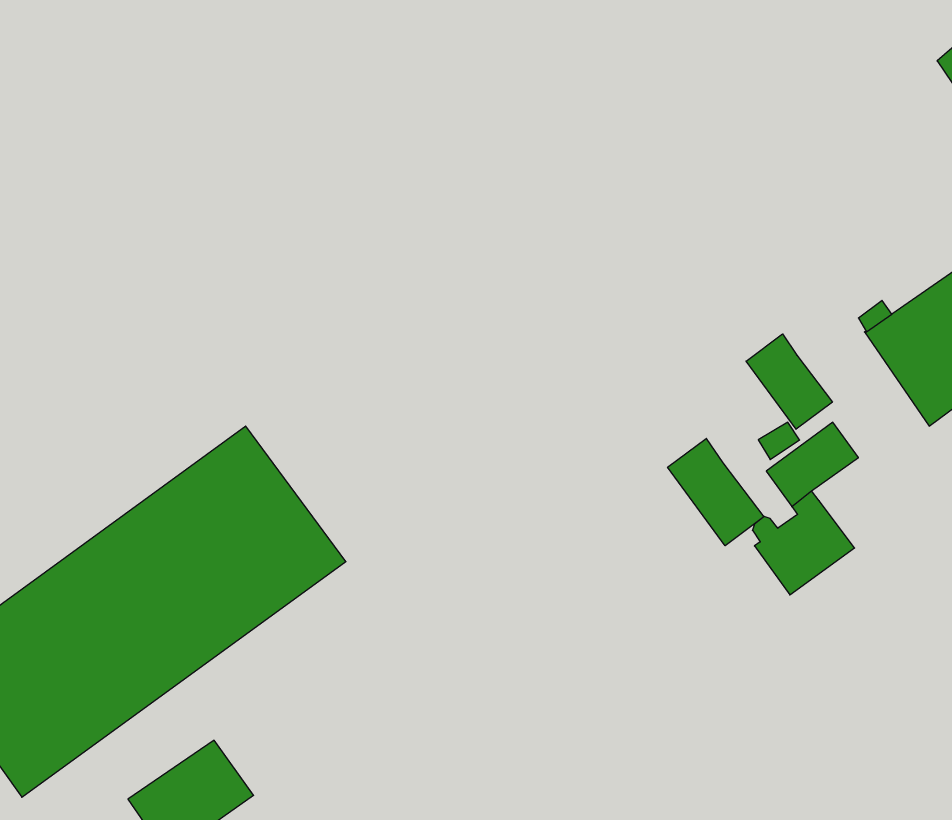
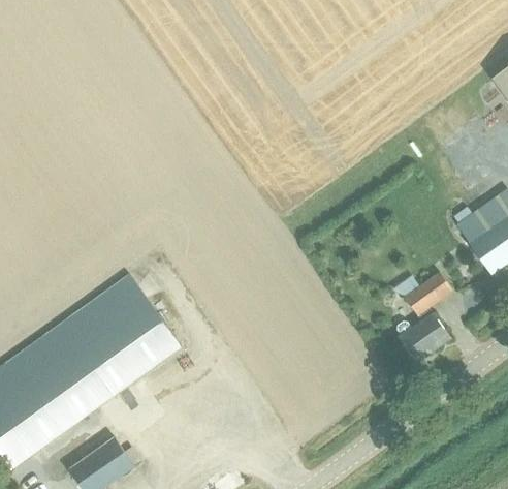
building: [746,334,832,429] -> none
building: [668,438,764,546] -> none

